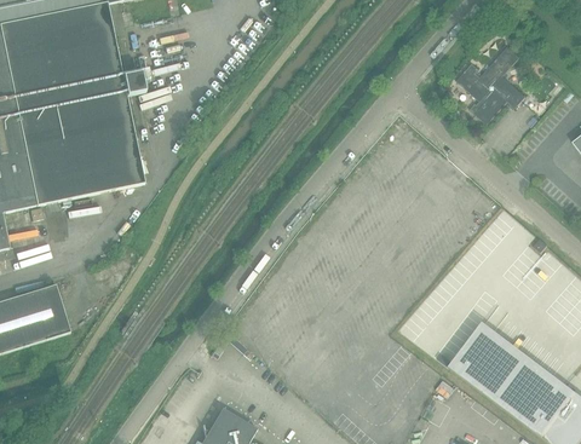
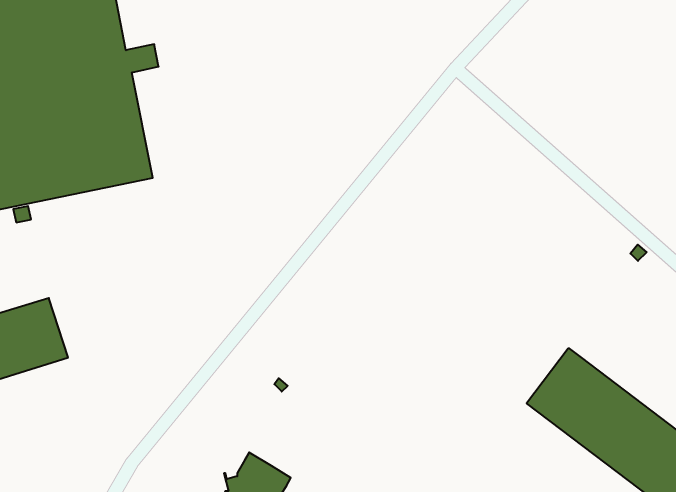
building: [455,46,524,123] -> none

